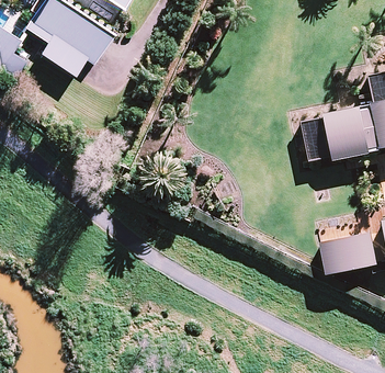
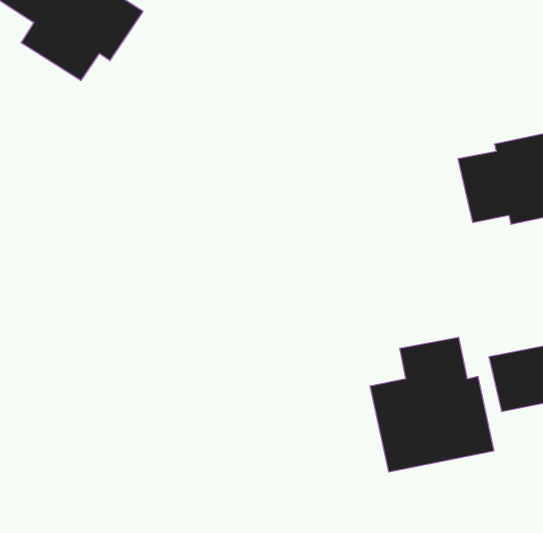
building: none -> [370,337,494,472]

